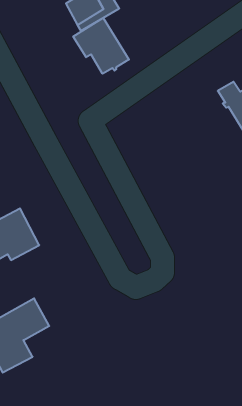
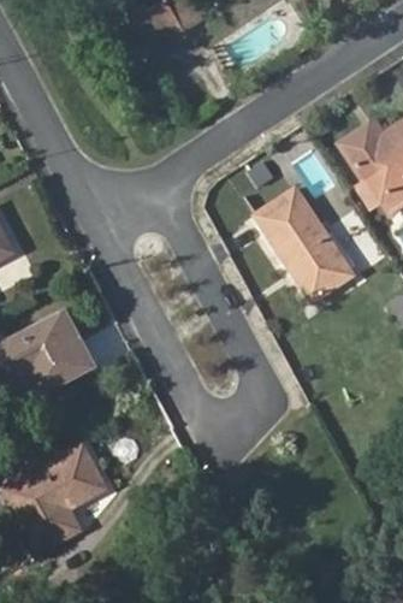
building: [73,18,129,74] -> none
building: none -> [257,188,354,300]

